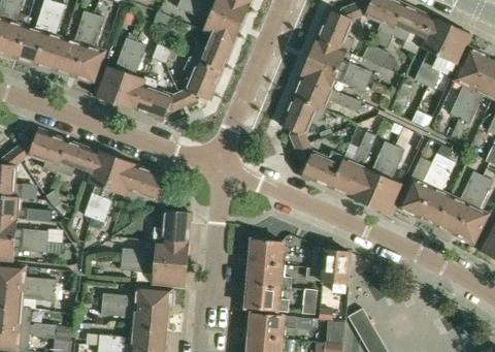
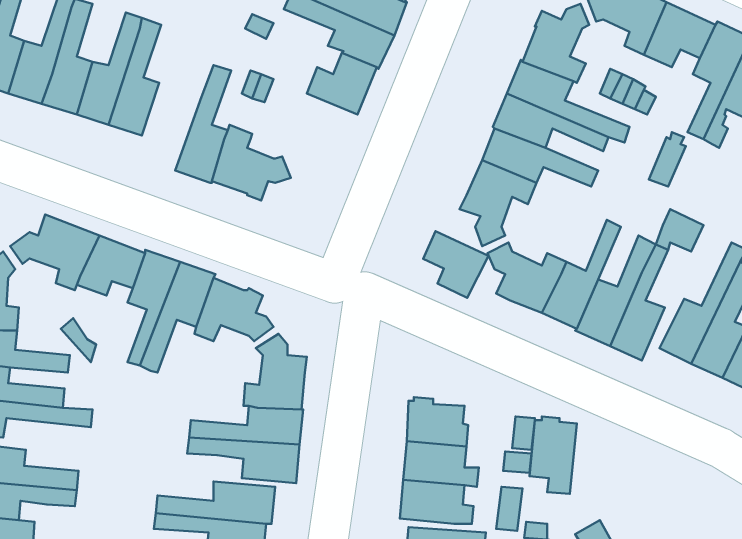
building: [94,37,136,103] -> none
building: [180,57,221,105] -> none
building: none -> [423,231,489,298]

